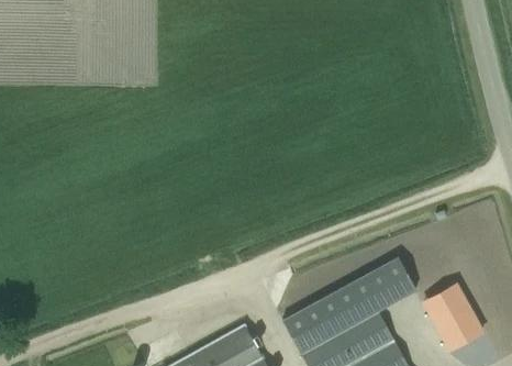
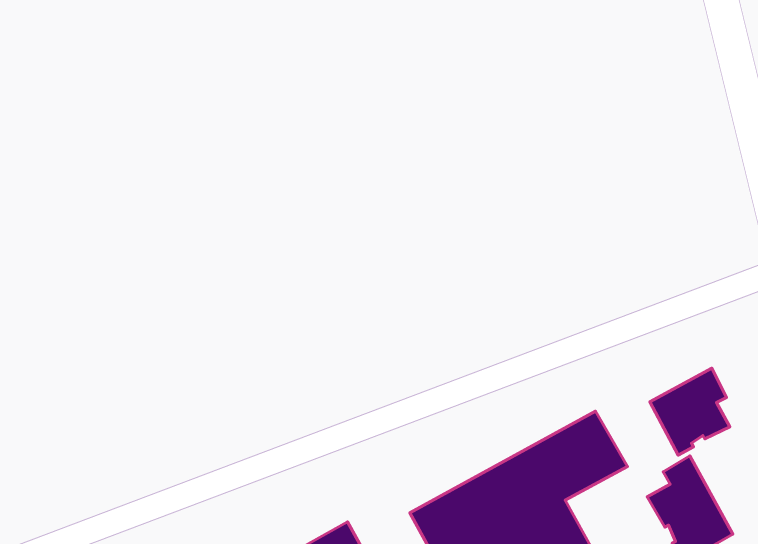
building: none -> [650,368,730,455]

